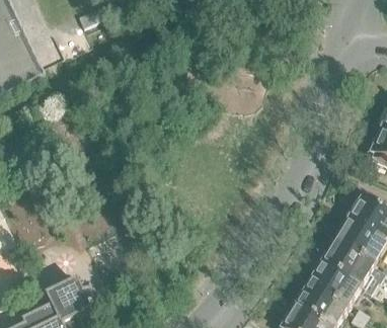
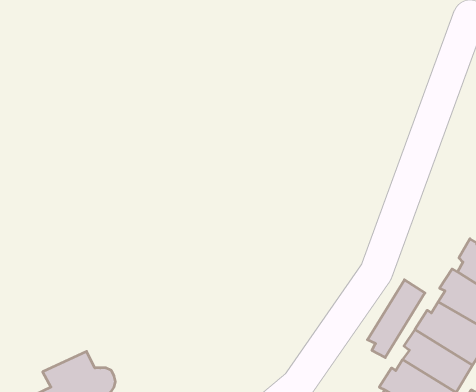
building: none -> [367,280,425,358]

